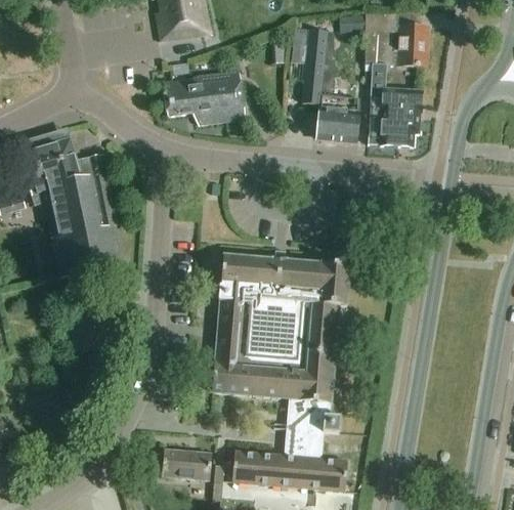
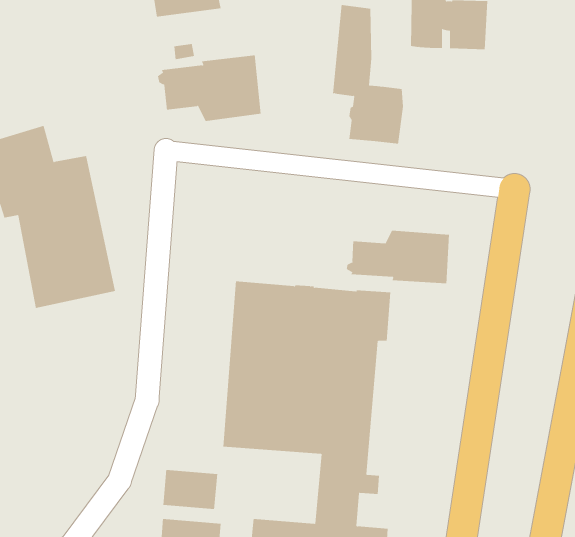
building: [368,65,421,146] -> none
building: none -> [346,230,450,284]
building: none -> [163,469,218,510]

